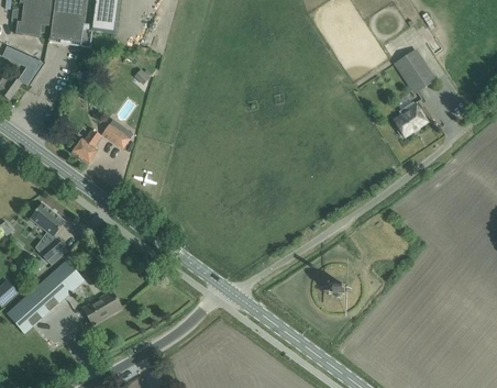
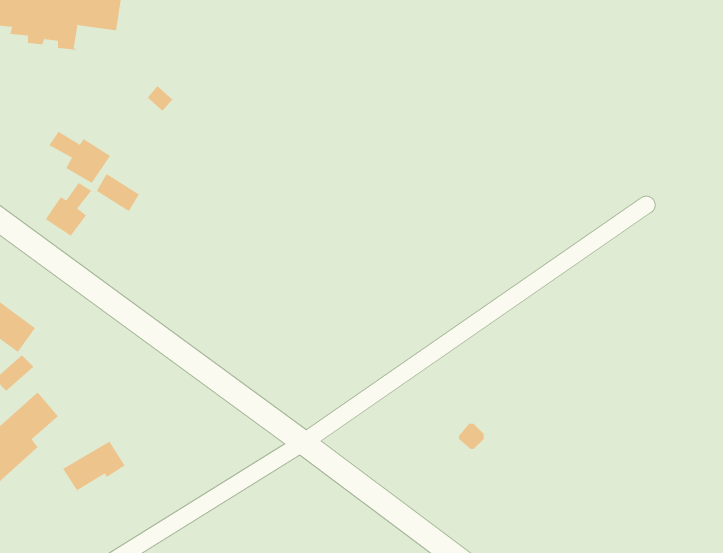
building: [397,51,433,91] -> none
building: none -> [48,131,111,184]
building: [394,101,428,135] -> none

